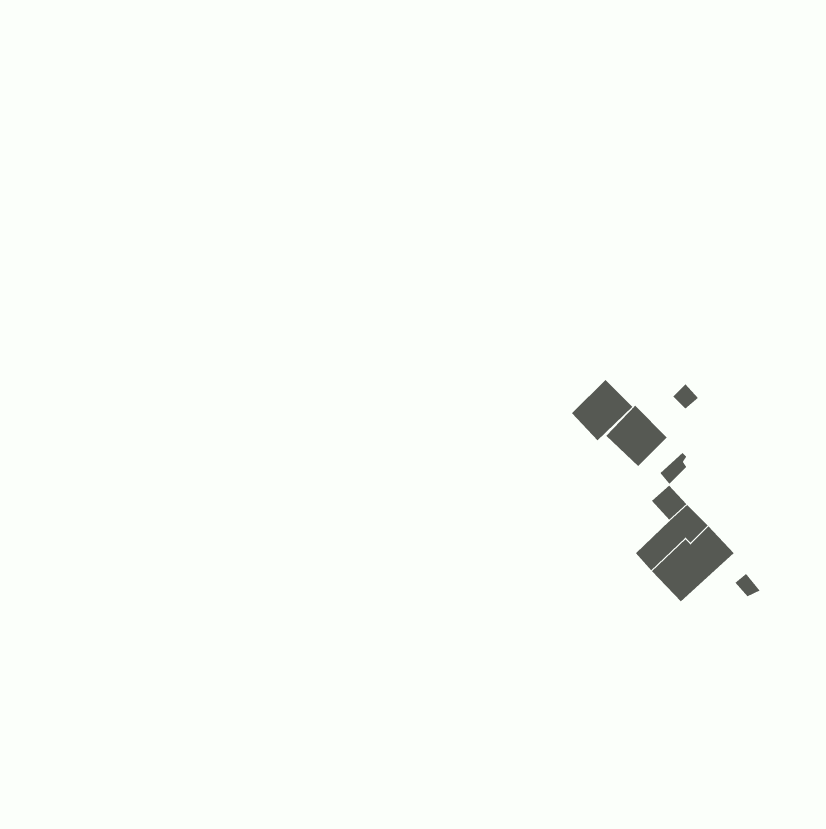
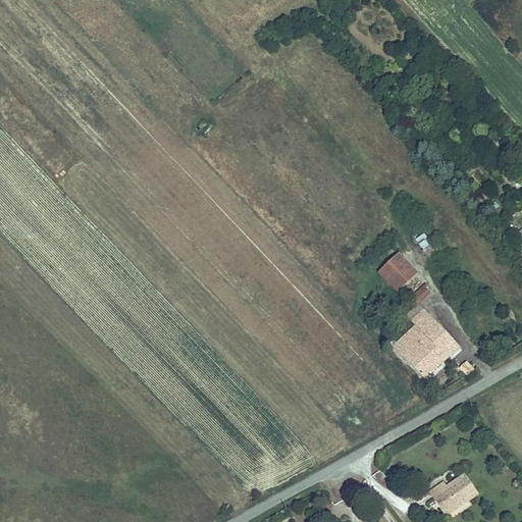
building: [571,379,633,441] -> none
building: none -> [428,472,478,514]

